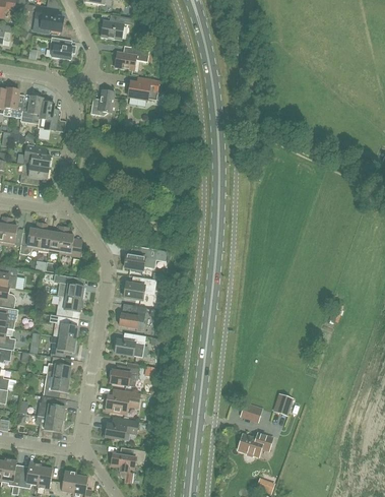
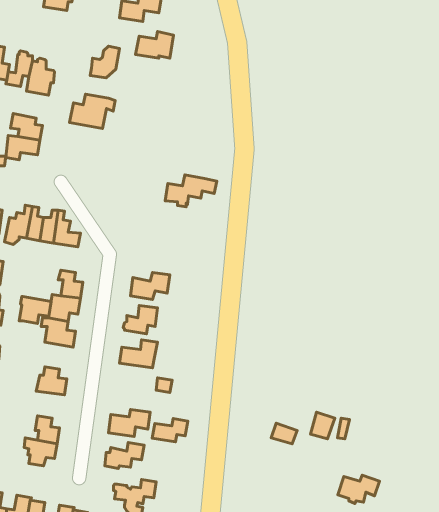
building: none -> [70,94,115,128]
building: [124,245,167,271] -> [165,175,217,207]
building: [49,334,75,357] -> [19,296,51,323]
building: [109,365,138,384] -> [152,419,188,442]
building: [42,375,68,397] -> none
building: [237,432,271,455] -> [338,475,379,503]

